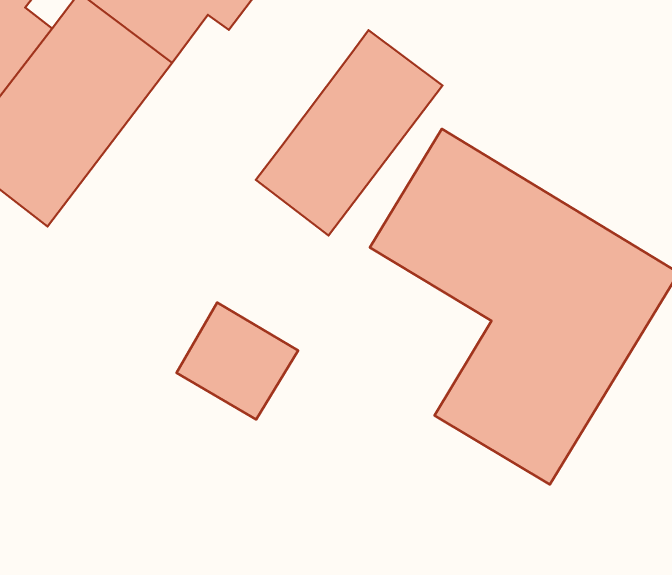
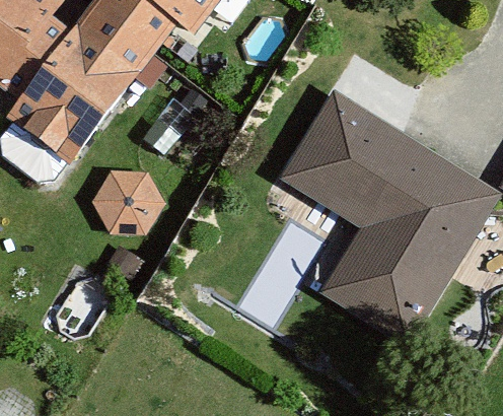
building: [256,30,443,236] -> none
building: [177,302,298,419] -> [89,158,171,237]

